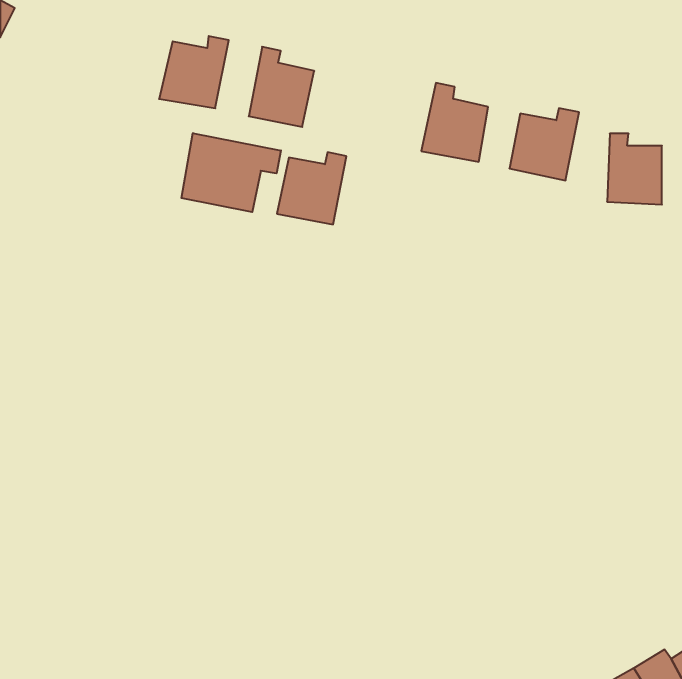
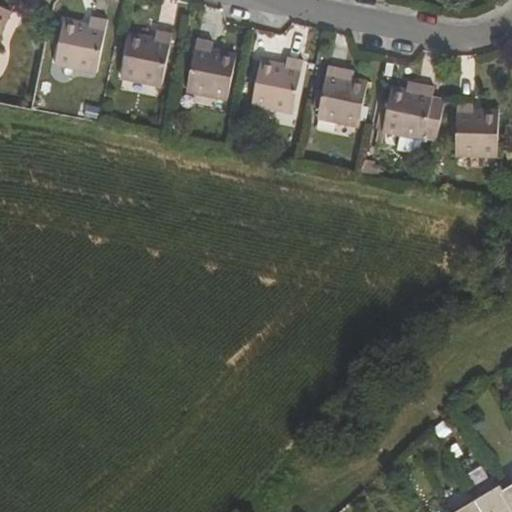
building: none -> [55,16,107,71]
building: [181,133,281,212] -> none
building: [277,152,346,224] -> [251,57,303,111]

